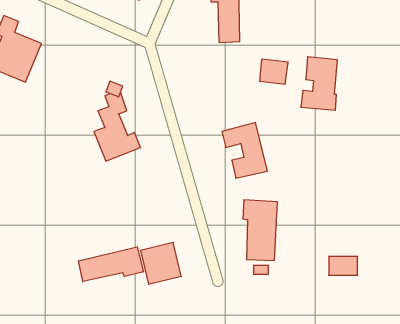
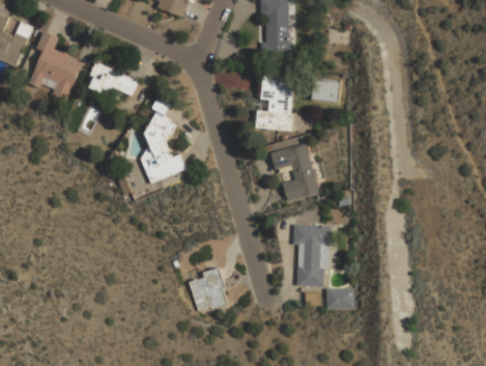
building: none -> [85,62,137,104]
building: [301,57,337,110] -> [255,75,293,131]
building: [78,247,143,282] -> none
building: [329,256,358,275] -> [322,288,352,308]

